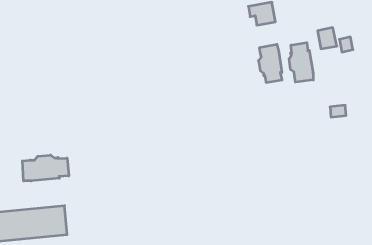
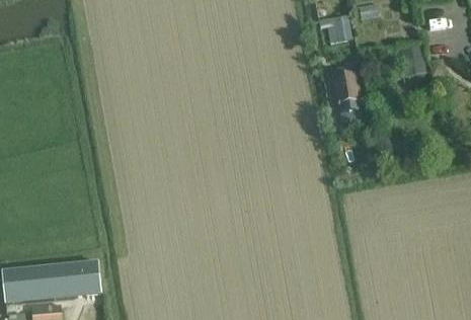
building: [289,43,313,82] -> none
building: [22,155,69,181] -> none

